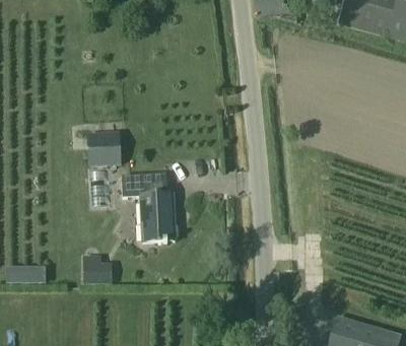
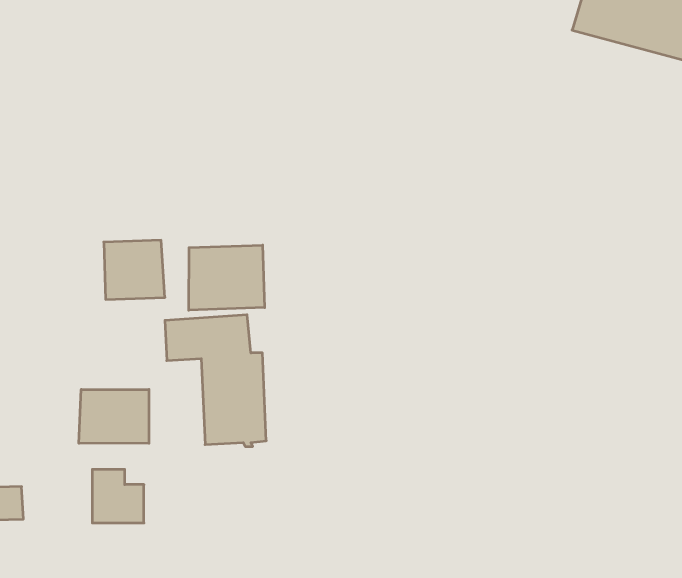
building: none -> [189,245,265,310]
building: none -> [79,389,149,443]

